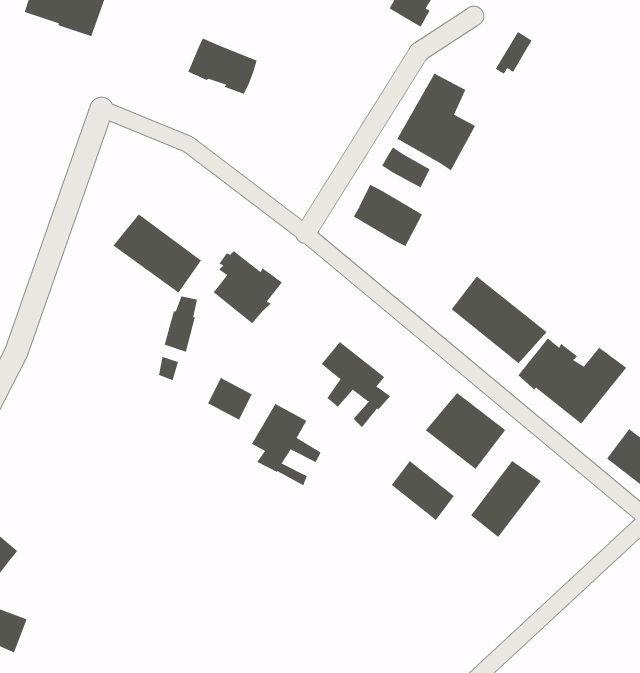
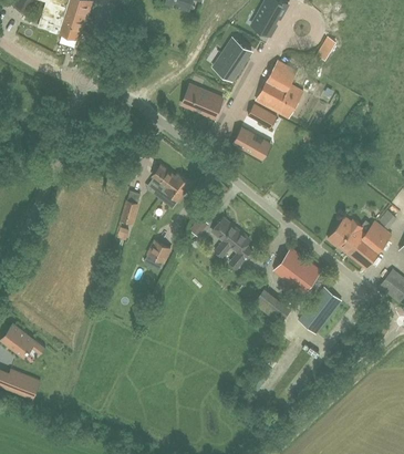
building: none -> [214,39,251,80]
building: [187,38,257,94] -> [182,85,222,118]
building: [113,214,202,294] -> none
building: [451,275,548,364] -> none
building: [251,403,322,486] -> none

